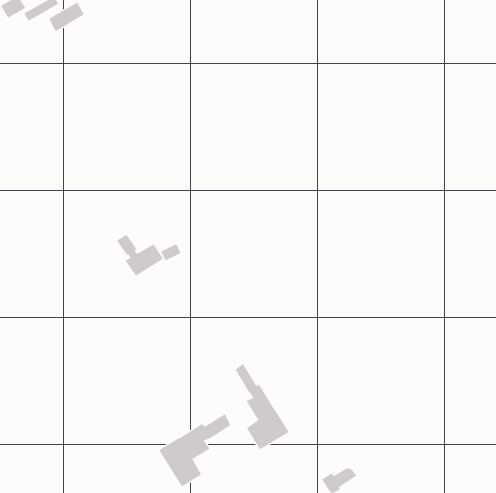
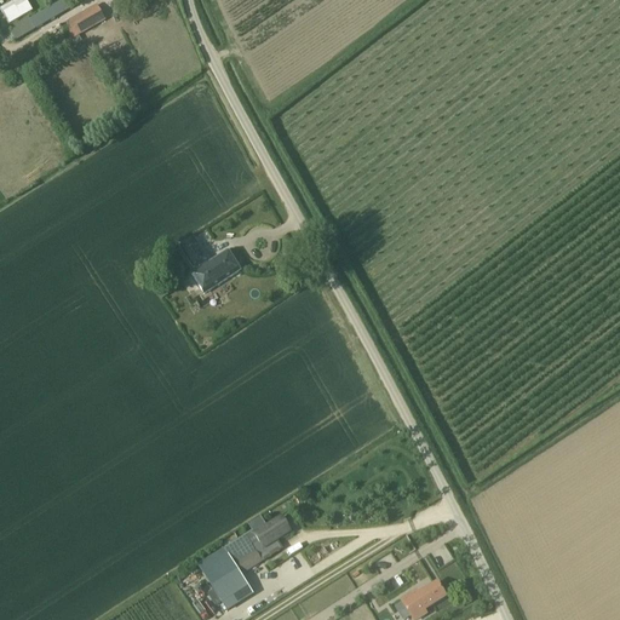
building: [116,234,164,276] -> [180,237,240,291]
building: [235,363,289,450] -> none

